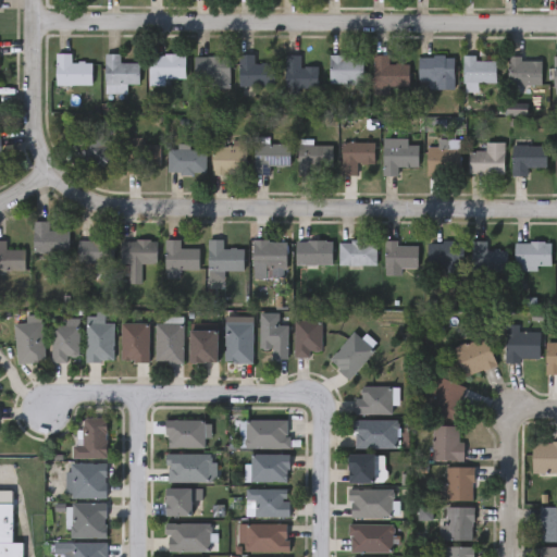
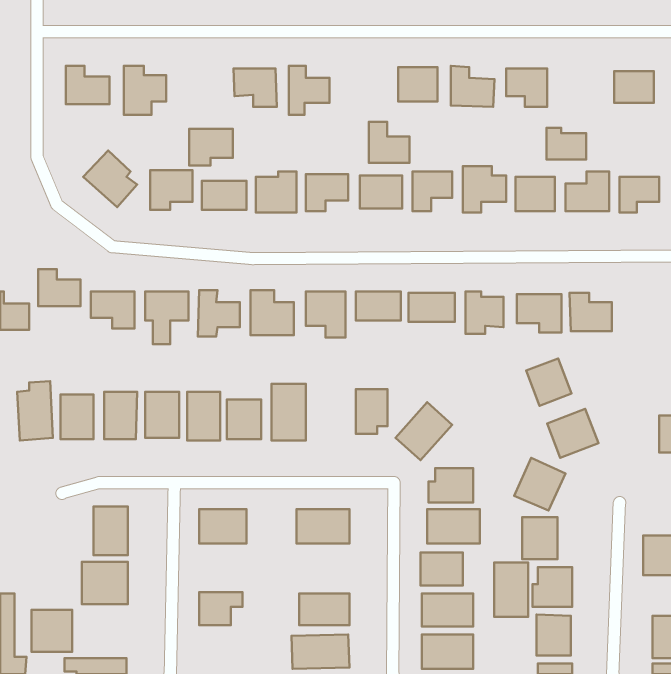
building: [149,54,185,85] -> [189,129,233,166]
building: [286,54,320,88] -> [369,122,410,163]
building: [465,57,497,83] -> [547,128,586,159]
building: [516,243,552,269] -> none
building: none -> [526,358,571,406]
building: [261,312,288,359] -> none
building: [507,326,540,361] -> none
building: [169,454,216,481] -> none
building: [252,455,289,482] -> none
building: none -> [494,562,528,617]
building: [73,503,107,537] -> [31,610,72,652]
building: [169,523,210,552] -> none

